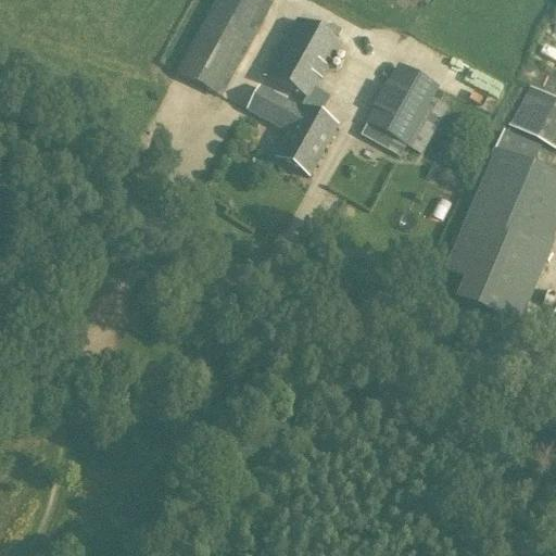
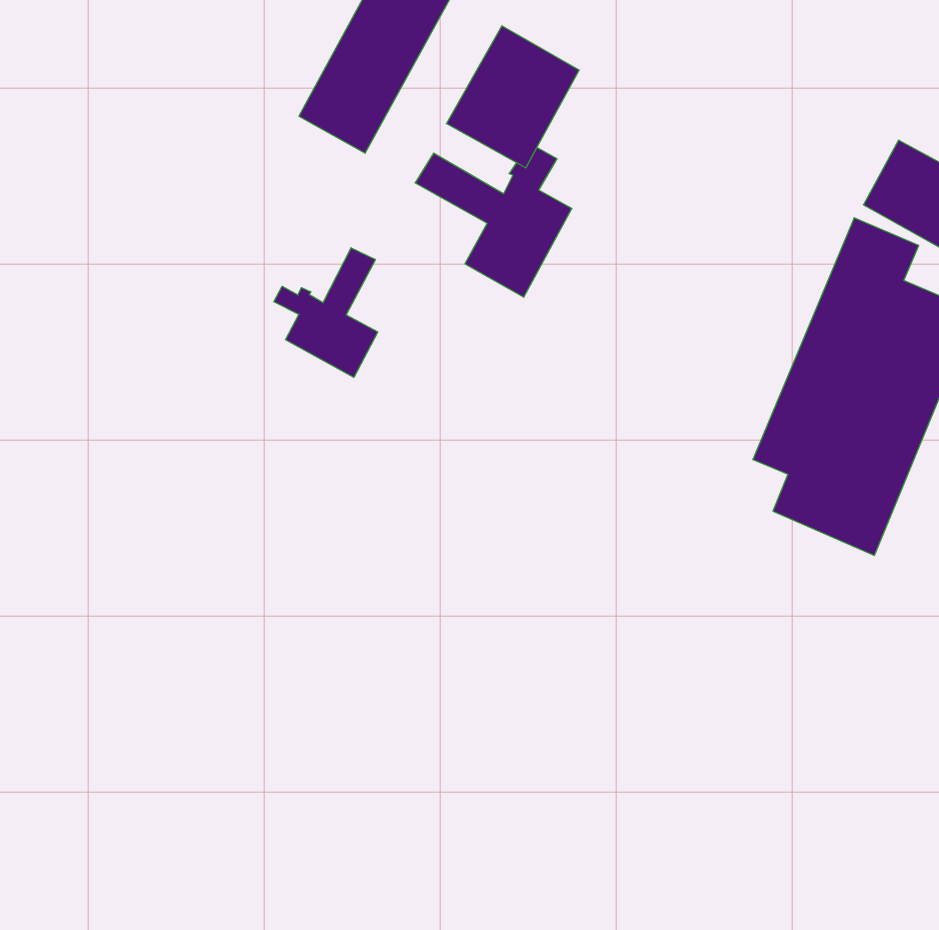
building: [367,62,441,144] -> none
building: none -> [274,248,378,377]

